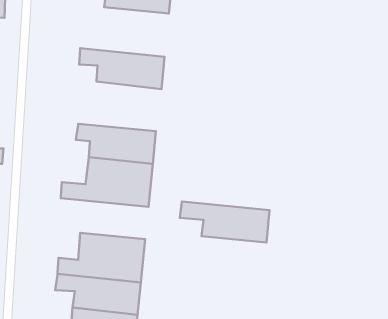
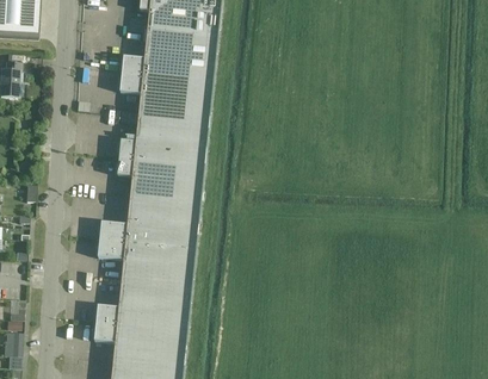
building: none -> [121,27,218,82]
building: none -> [118,110,210,164]
building: [180,202,270,243] -> [97,238,196,284]

